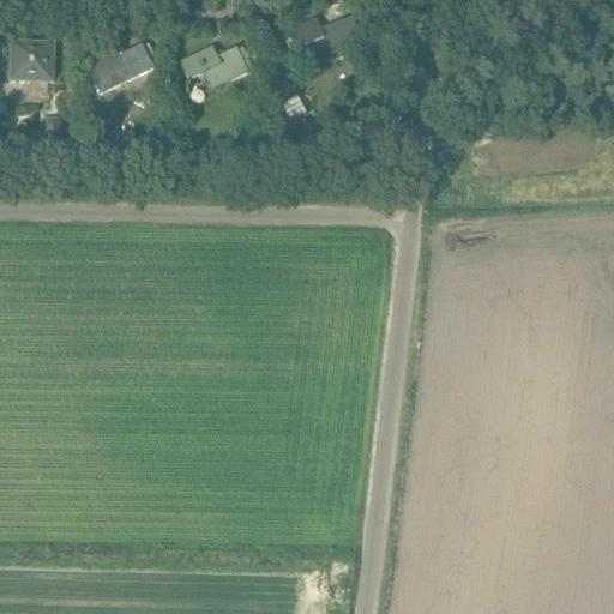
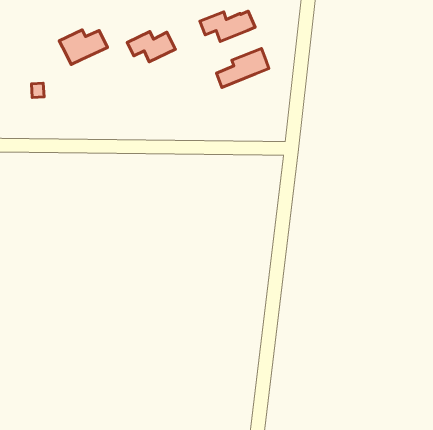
building: [10,40,55,82] -> none
building: none -> [217,48,269,88]

